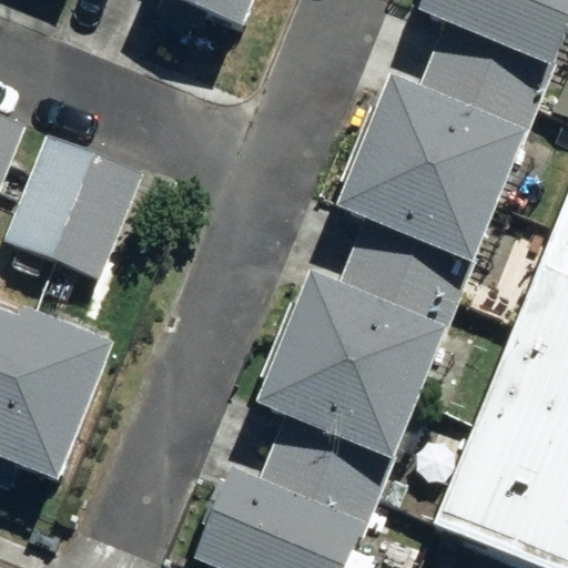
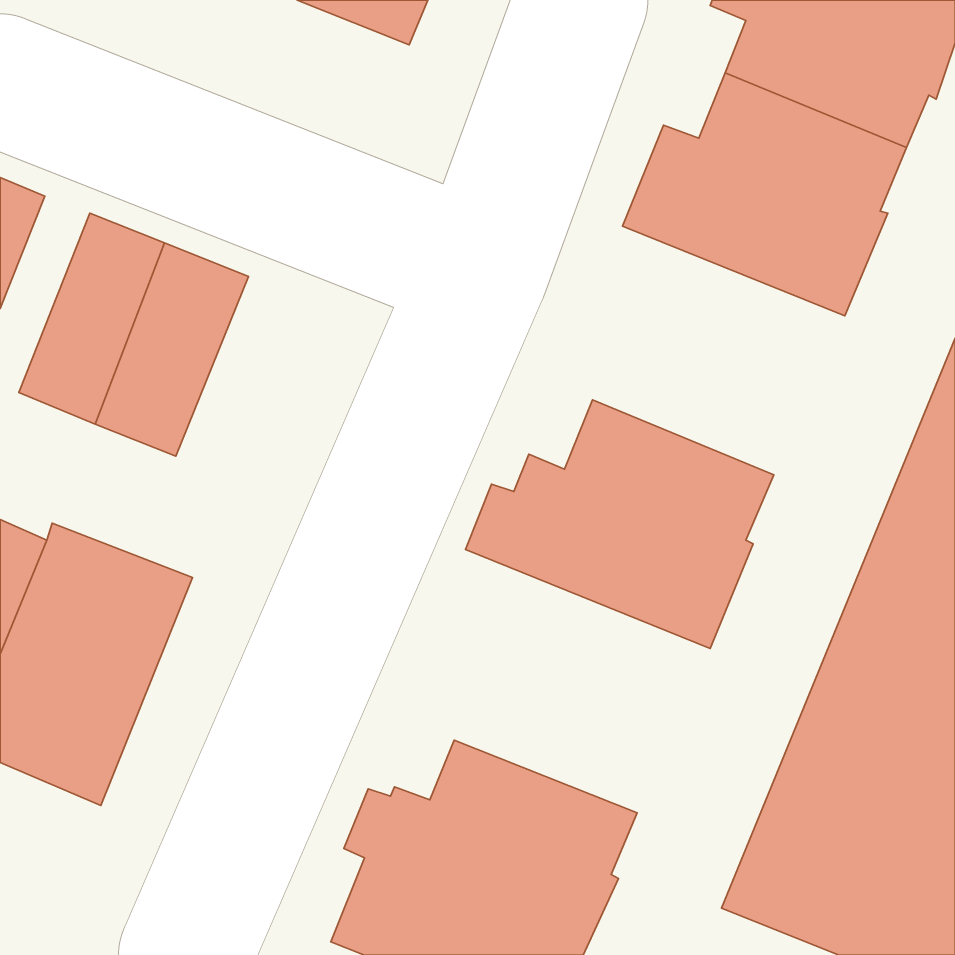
building: [342,134,501,282] -> none
building: [262,326,422,483] -> none

